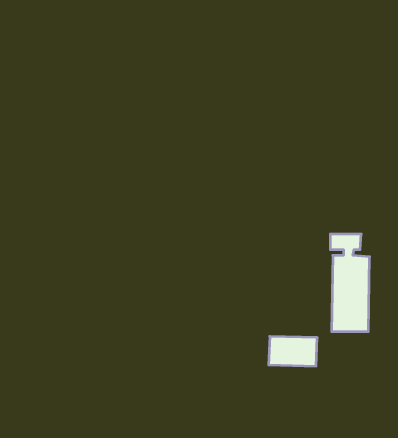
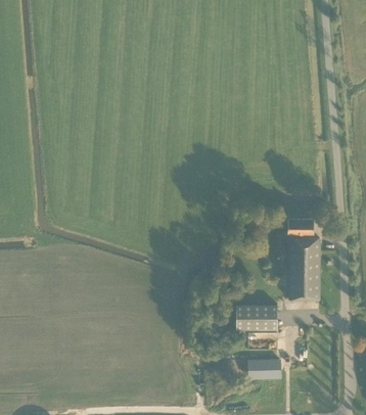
building: none -> [248,360,279,378]

